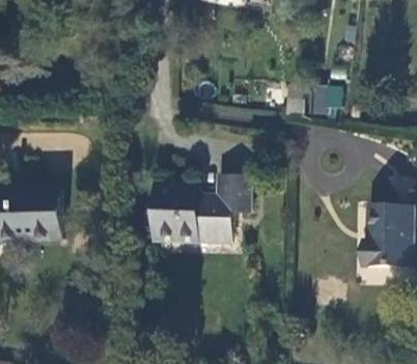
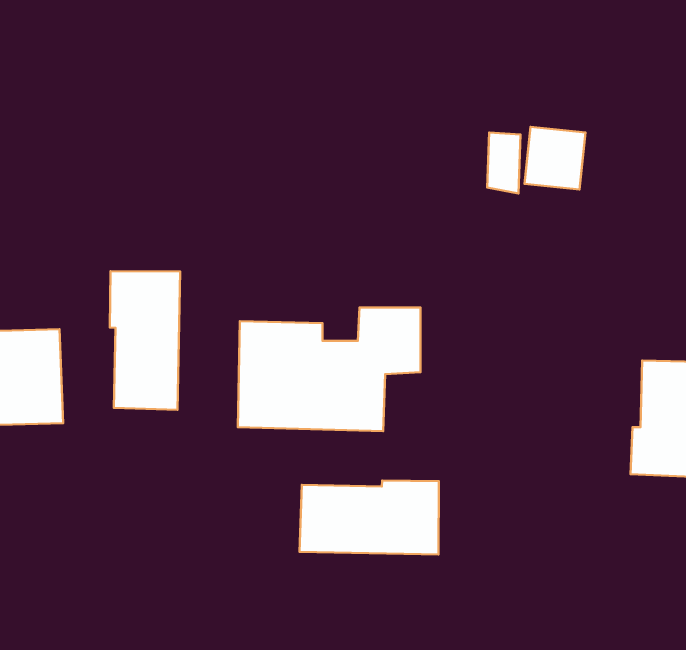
building: none -> [110,271,180,410]
building: none -> [299,480,439,555]

